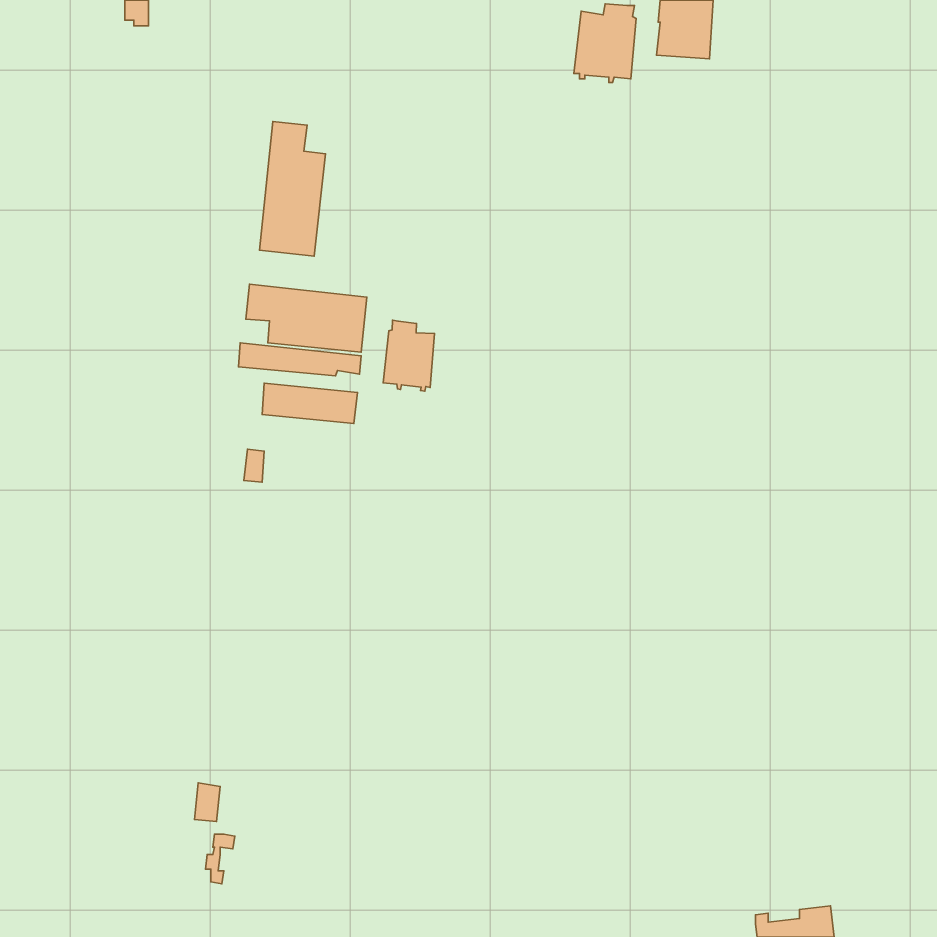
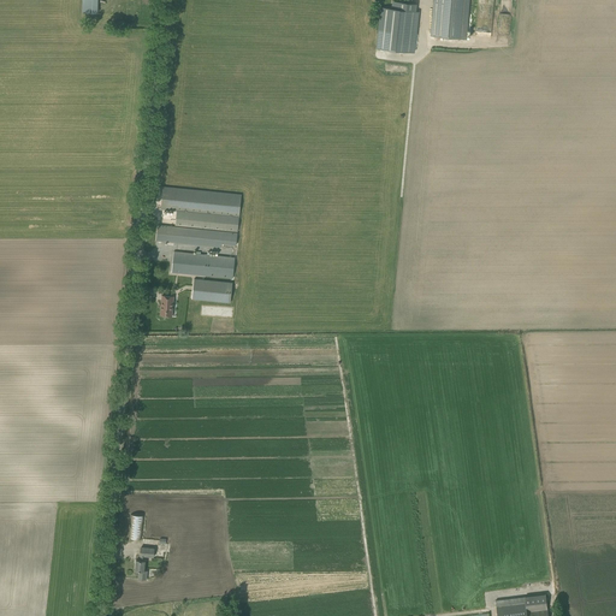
building: [260,121,326,256] -> none
building: [383,320,435,391] -> none
building: none -> [192,279,232,302]

